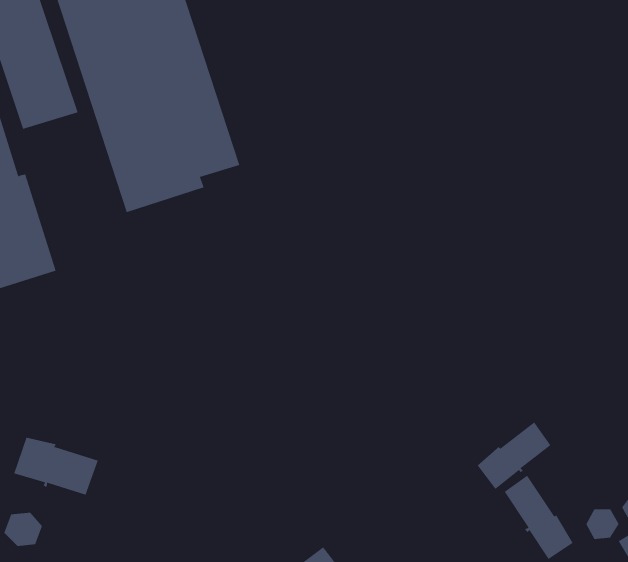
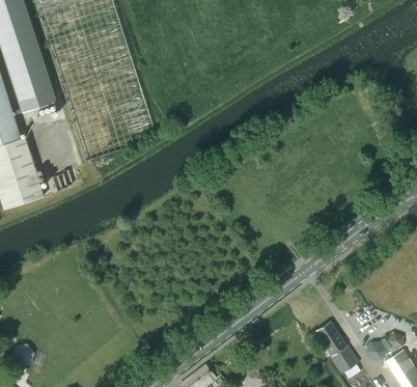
building: [477,421,551,490] -> none
building: [14,437,99,495] -> none

